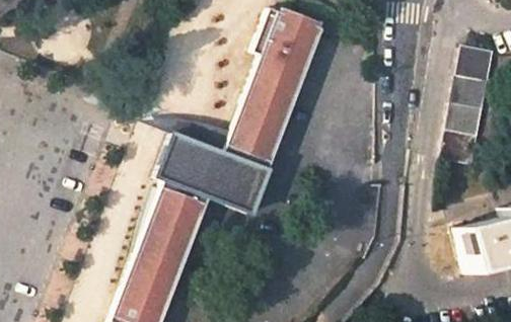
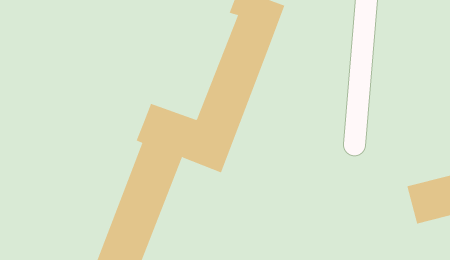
building: [448,47,499,164] -> none

